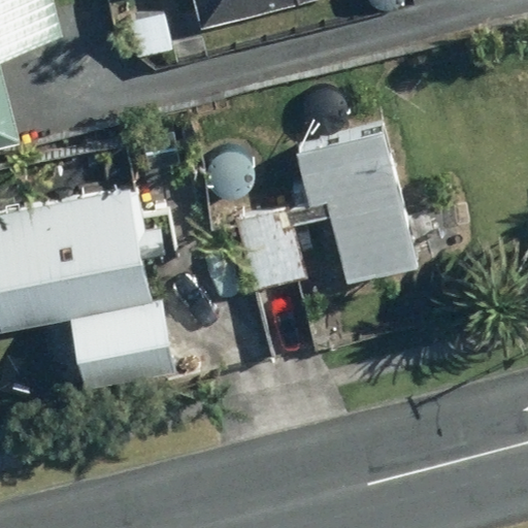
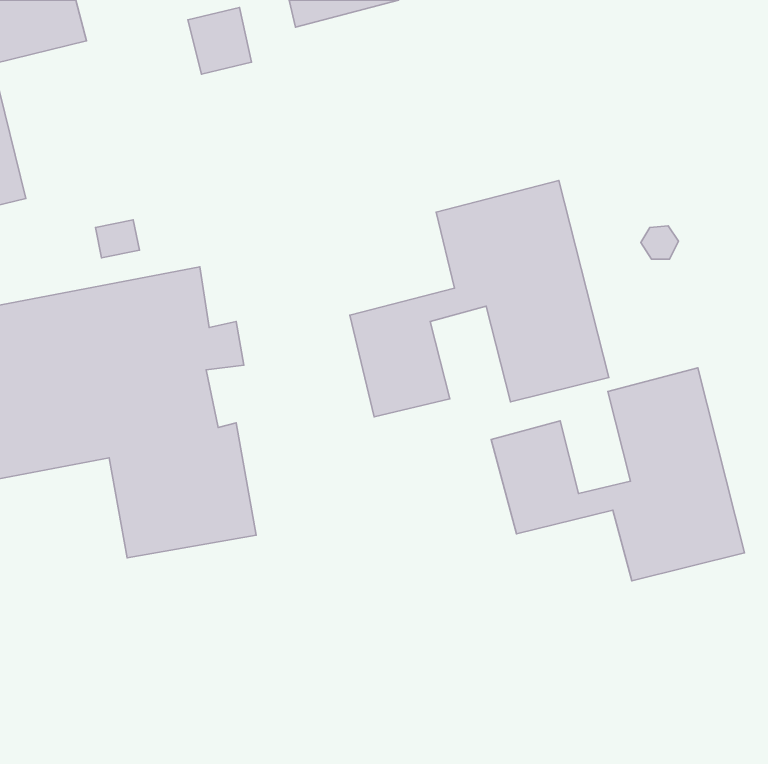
building: none -> [491,368,745,581]

